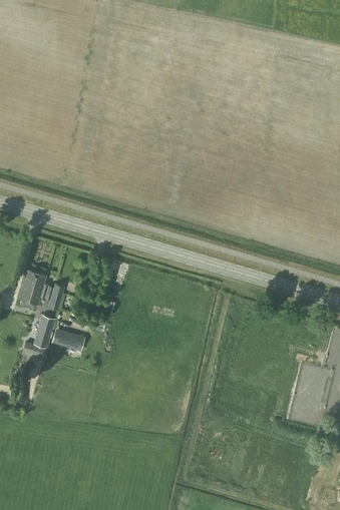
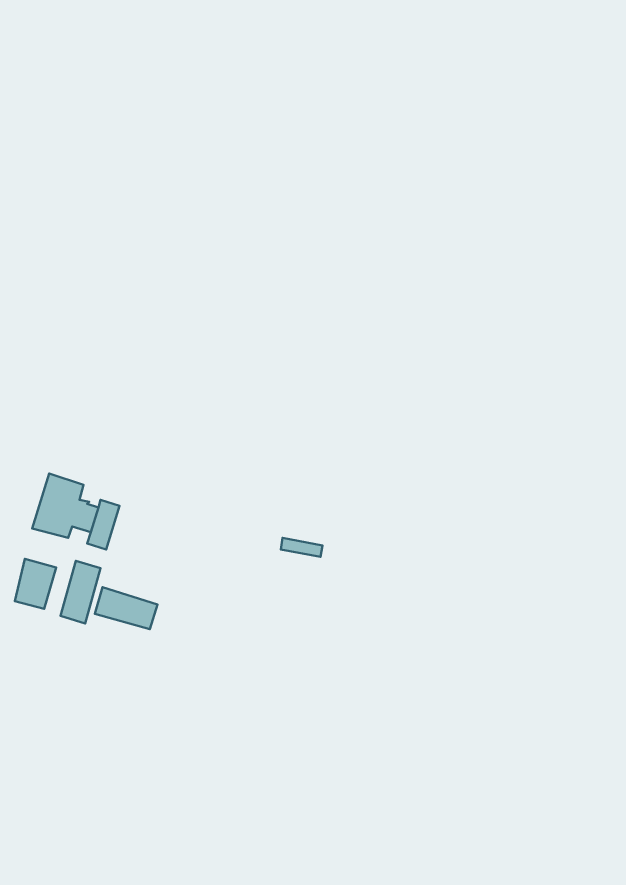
building: none -> [15,559,56,609]

